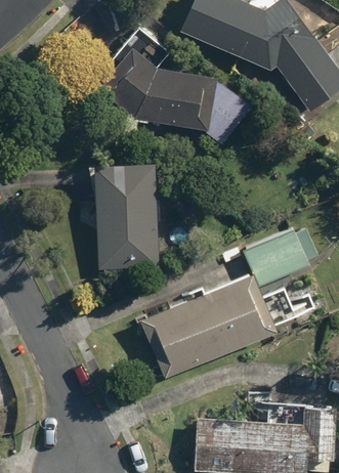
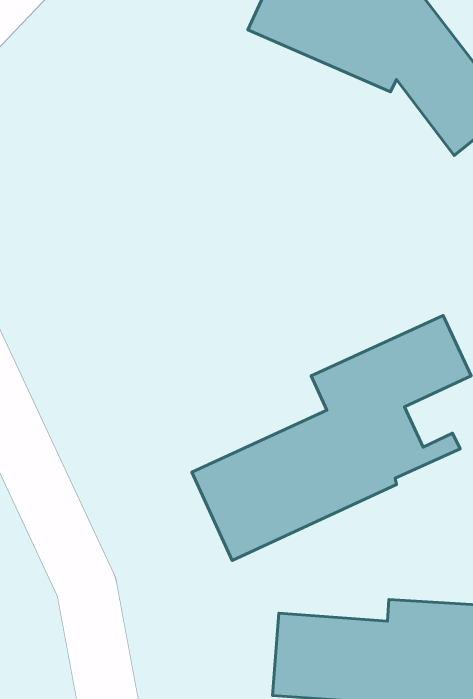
building: [91,27,252,143] -> none
building: [93,159,159,271] -> none

